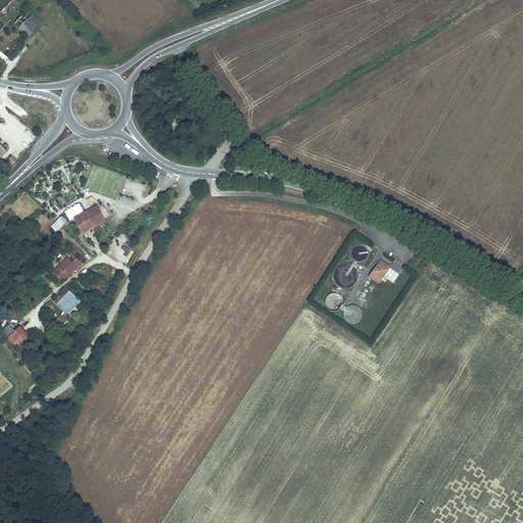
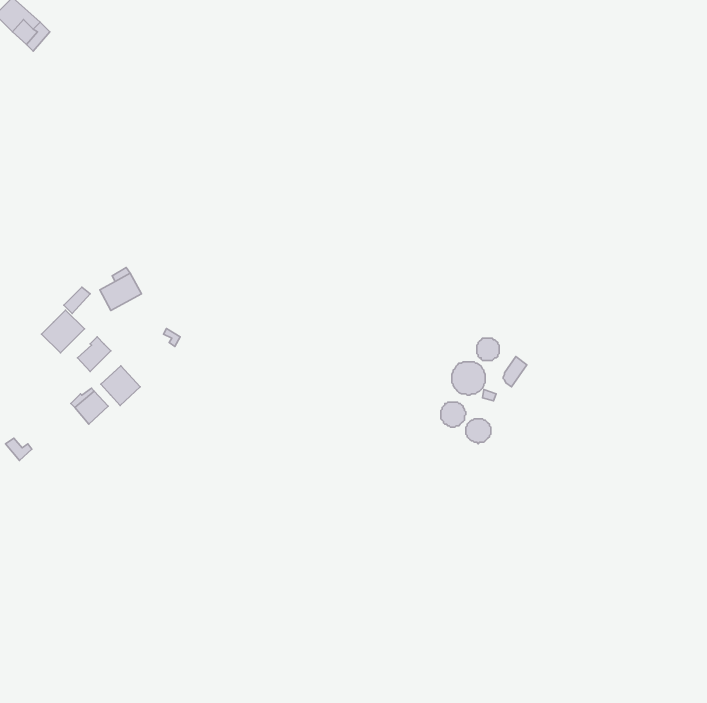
building: none -> [42,310,85,353]
building: none -> [101,366,140,405]

